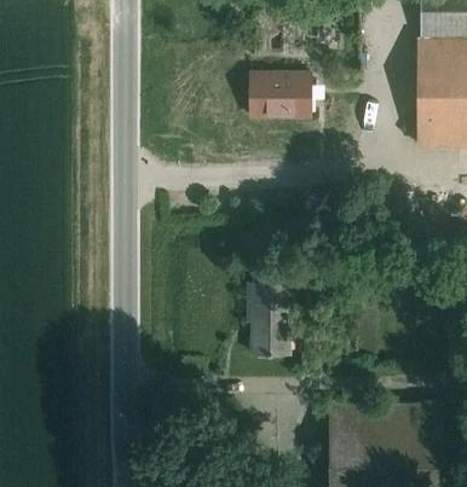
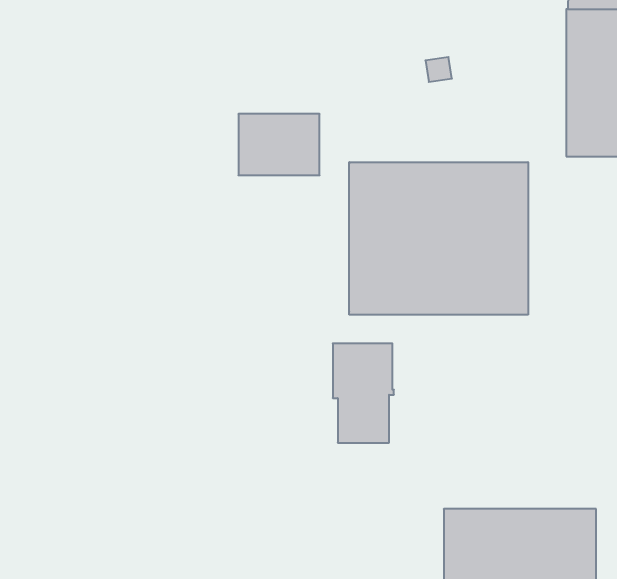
building: [252,74,311,118] -> [238,114,320,175]
building: none -> [349,162,528,315]

